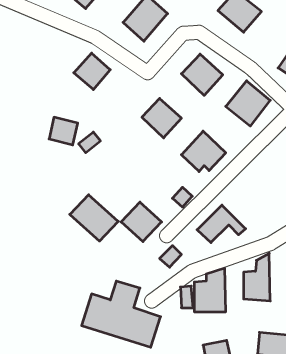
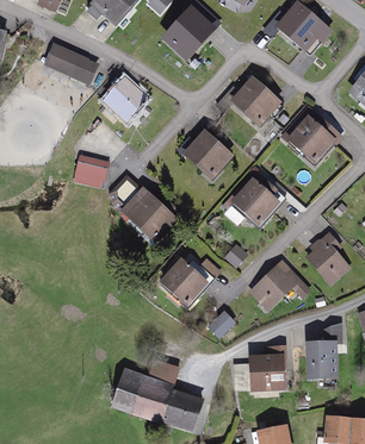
building: none -> [43,44,98,83]
building: none -> [304,230,349,284]
building: [70,195,118,241] -> [118,186,177,242]

